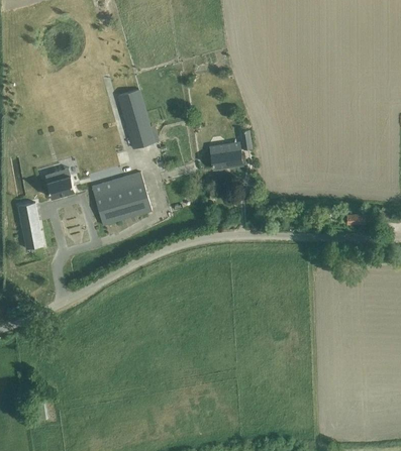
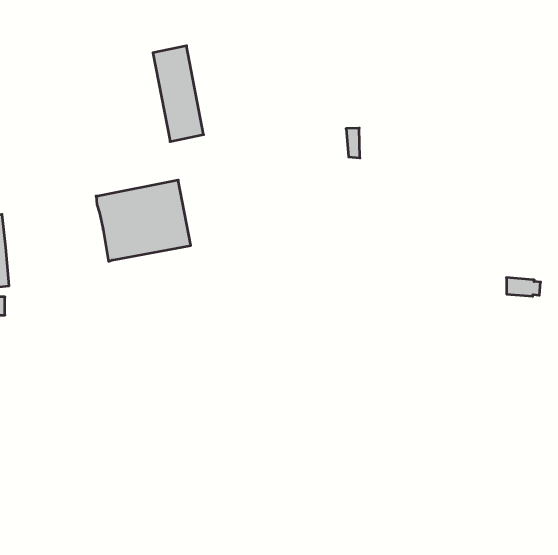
building: [211,149,242,168] -> none
building: [44,167,75,197] -> none

